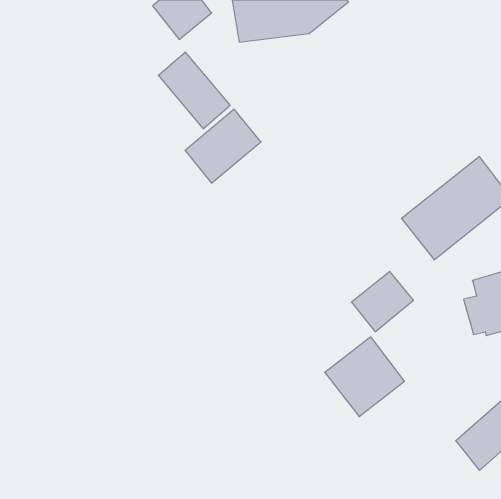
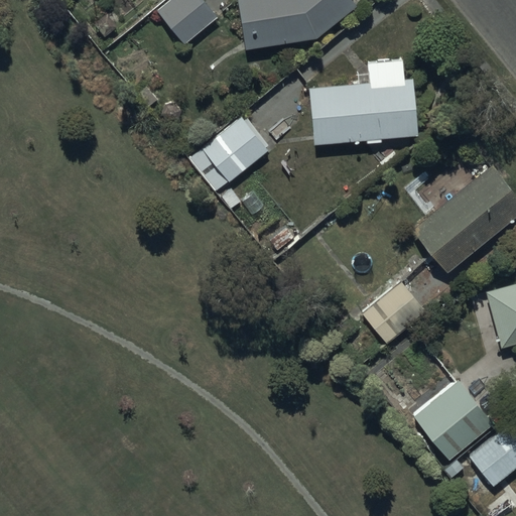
building: [158,52,230,129] -> none
building: none -> [310,59,418,143]
building: [325,337,404,417] -> [412,379,494,461]

